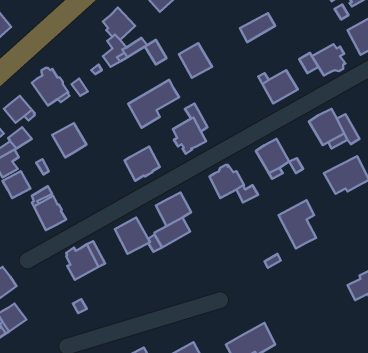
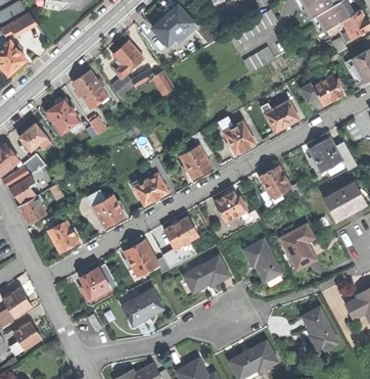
building: none -> [74,70,103,105]
building: [179,43,212,78] -> [224,122,256,154]
building: [128,80,179,128] -> none
building: [52,123,87,157] -> [92,195,125,228]
building: none -> [243,239,281,281]
building: none -> [184,255,230,291]
building: none -> [123,289,163,324]
building: none -> [303,307,338,352]

